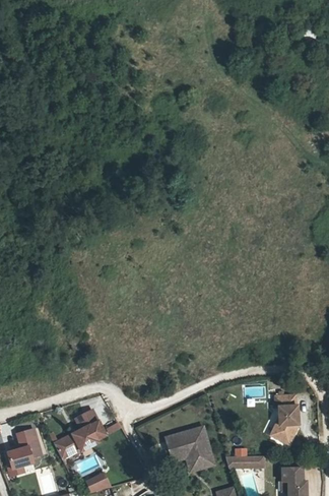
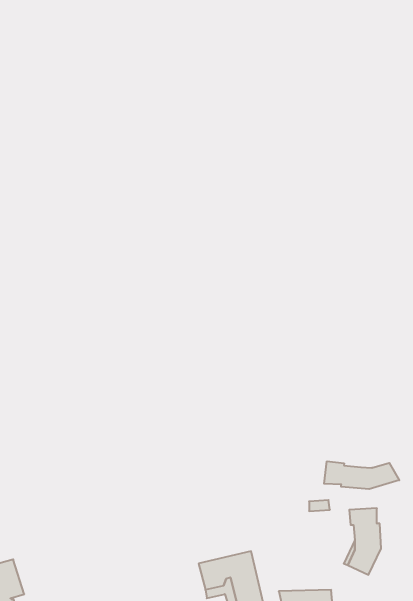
building: none -> [324,461,399,489]
building: [53,409,107,457] -> none

